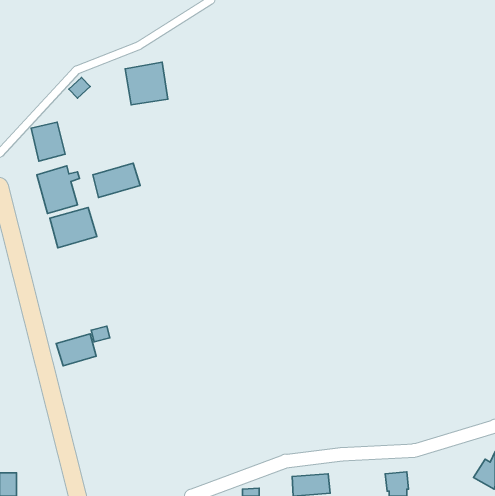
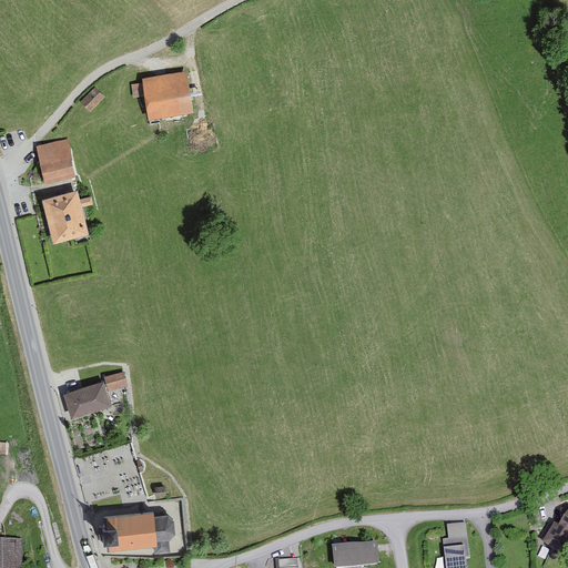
building: [93,163,140,197] -> none
building: [50,207,97,248] -> none
building: none -> [106,509,172,546]

